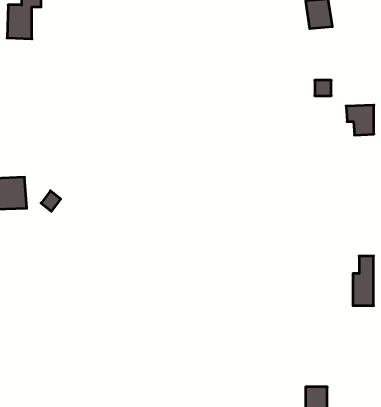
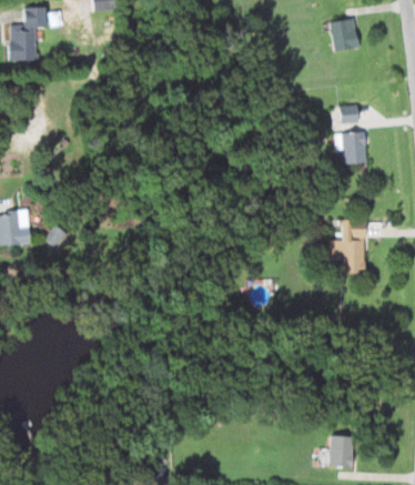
building: [346,105,374,135] -> [335,132,365,164]
building: [353,256,374,306] -> [342,221,364,274]

